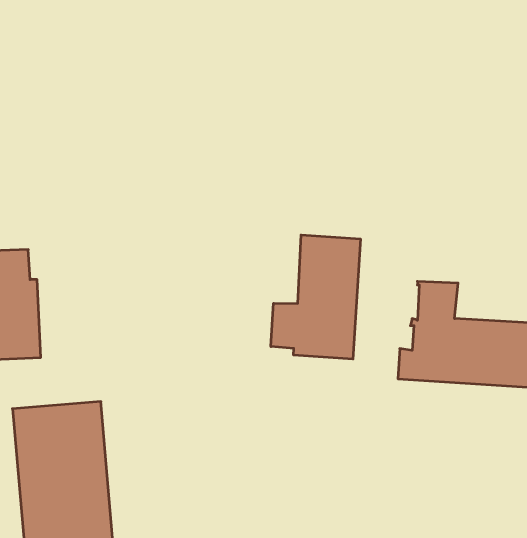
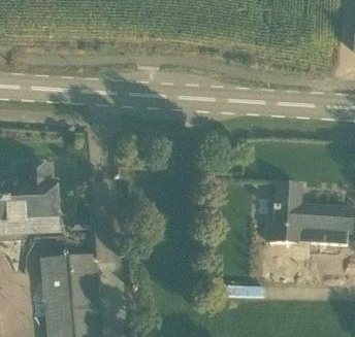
building: [271,235,360,359] -> none

